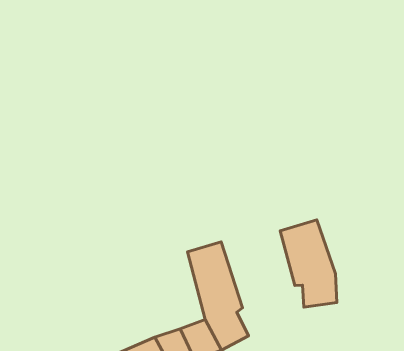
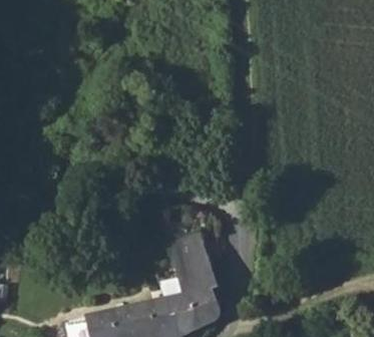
building: [280,220,337,307] -> none

